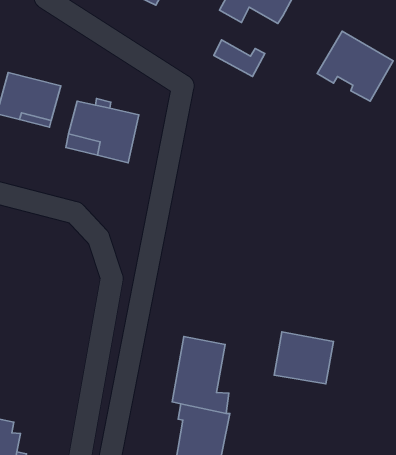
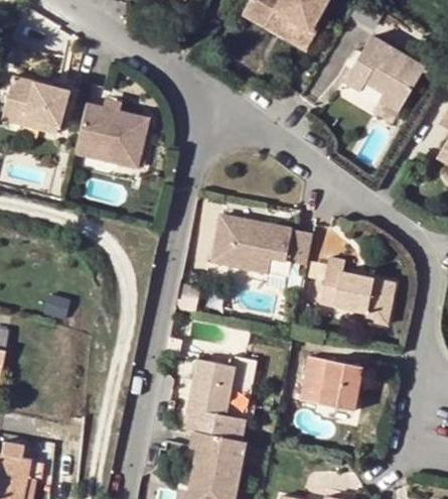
building: [214,40,265,76] -> [261,10,314,48]
building: none -> [215,215,311,274]
building: none -> [319,254,394,321]

